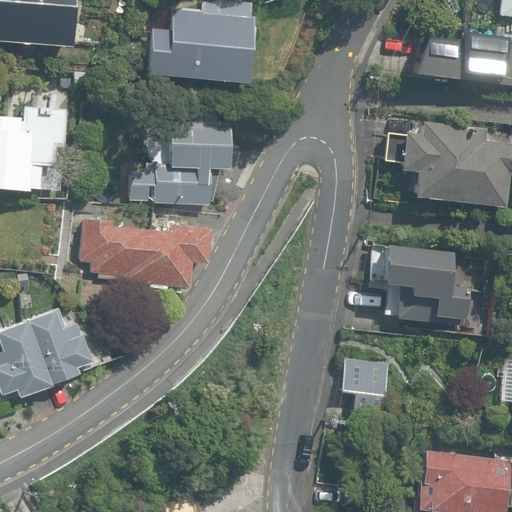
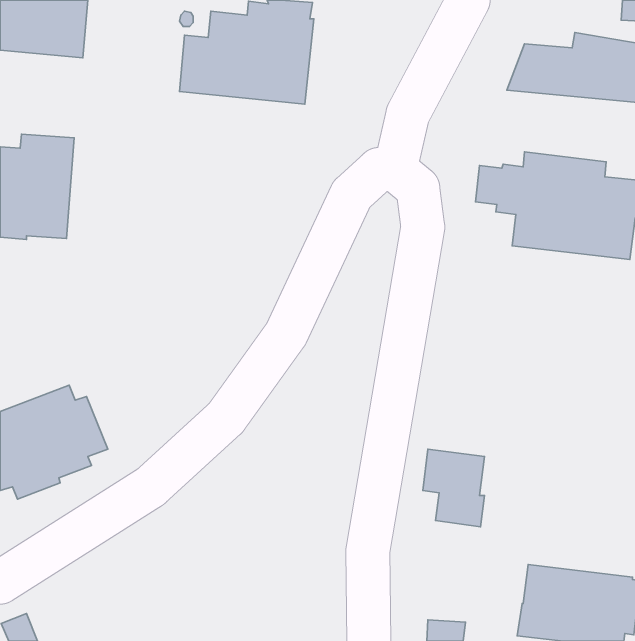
building: [130,120,230,204] -> none
building: [81,219,208,287] -> none
building: [368,243,472,326] -> none

